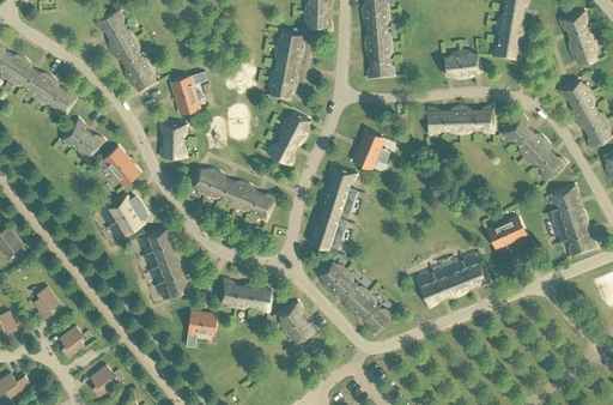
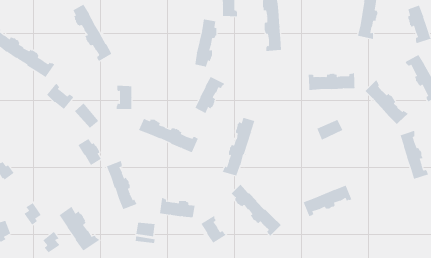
building: [444,50,479,77] -> none
building: [171,77,199,113] -> none
building: [353,131,382,168] -> none
building: [487,217,524,247] -> [316,119,343,141]
building: none -> [59,206,100,254]

